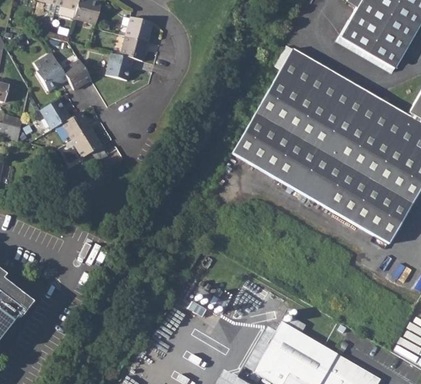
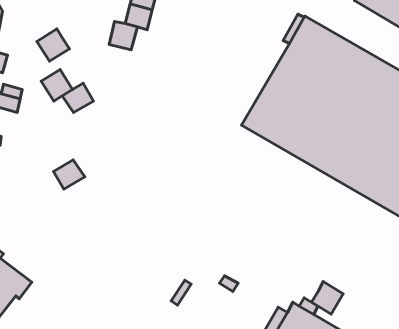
building: [62,60,91,90] -> none
building: [72,130,102,158] -> [53,160,85,189]
building: none -> [311,282,343,314]

